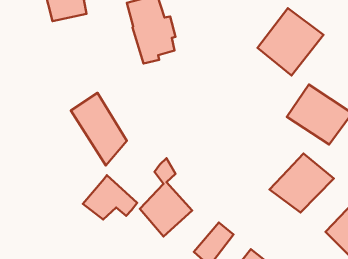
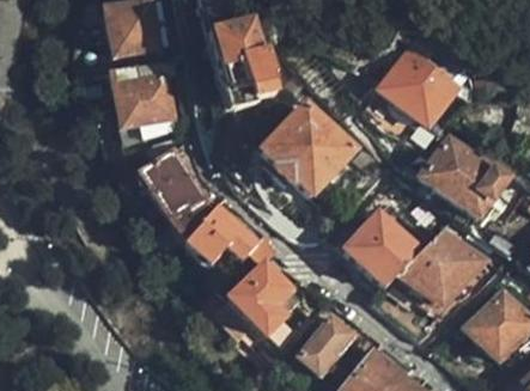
building: none -> [108,66,171,135]
building: none -> [261,105,353,195]
building: none -> [337,212,421,291]
building: [83,175,137,219] -> [184,204,255,262]

